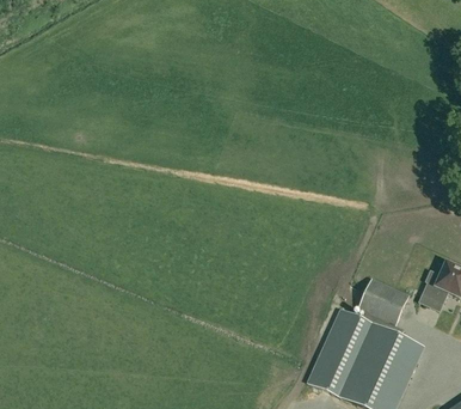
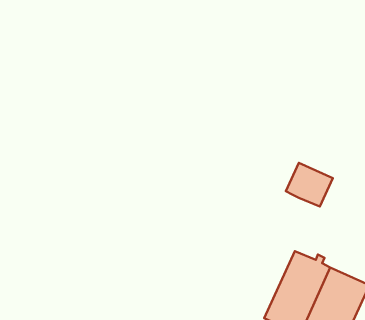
building: [358,277,410,325] -> [286,163,333,207]

